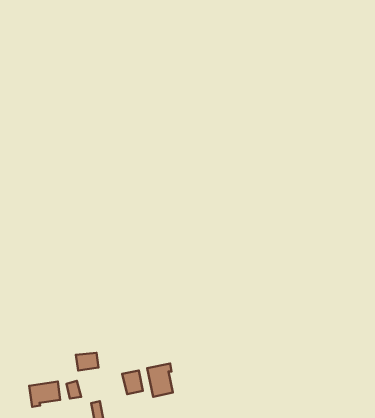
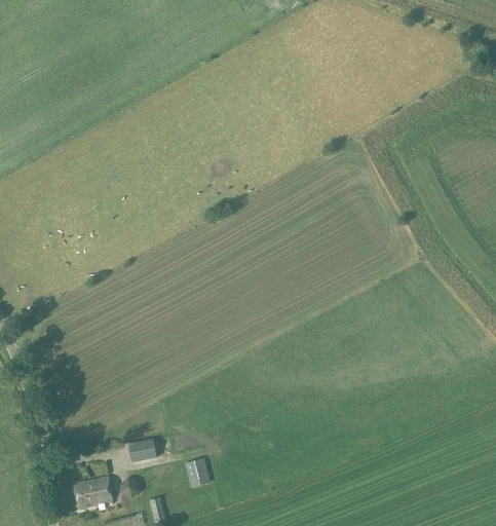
building: [147,364,173,397] -> none

